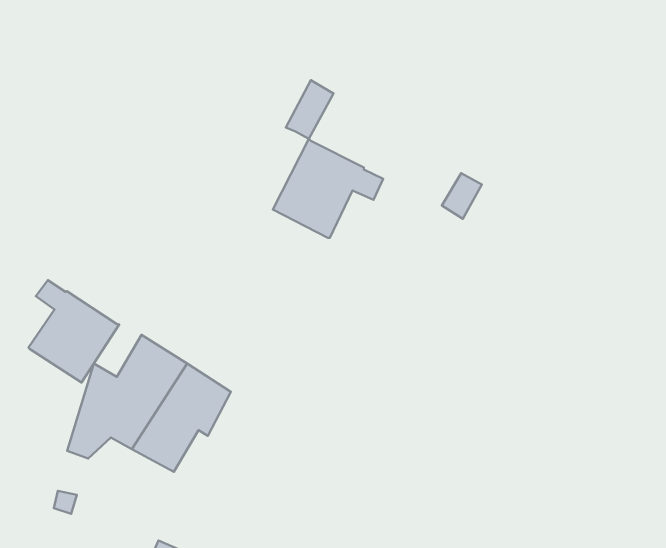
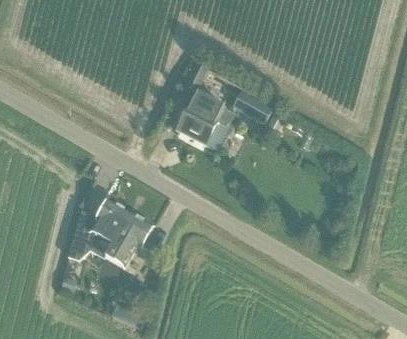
building: none -> [233,89,273,122]
building: [28,280,119,382] -> none

